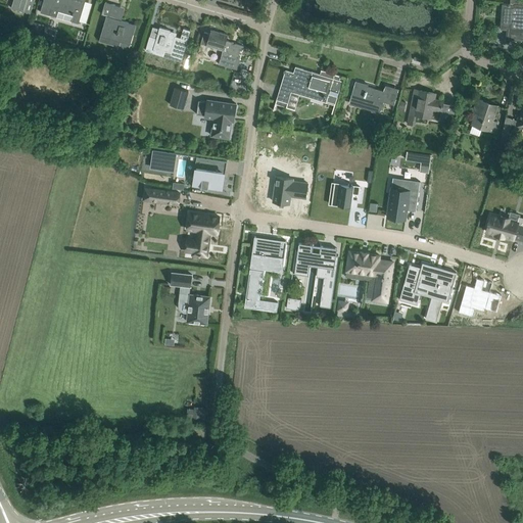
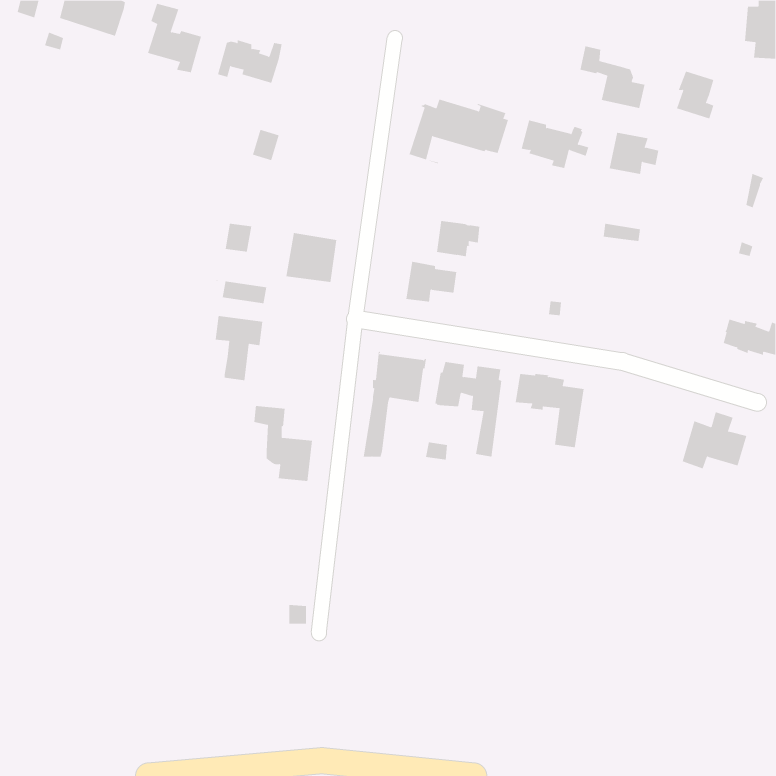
building: [200,30,244,69] -> none
building: none -> [580,45,645,109]
building: [196,99,236,138] -> none
building: [472,99,497,132] -> [676,71,714,119]
building: [387,180,420,219] -> none
building: [331,183,361,207] -> [436,220,480,257]
building: [187,212,220,256] -> [215,315,263,381]
building: [399,263,454,322] -> none

